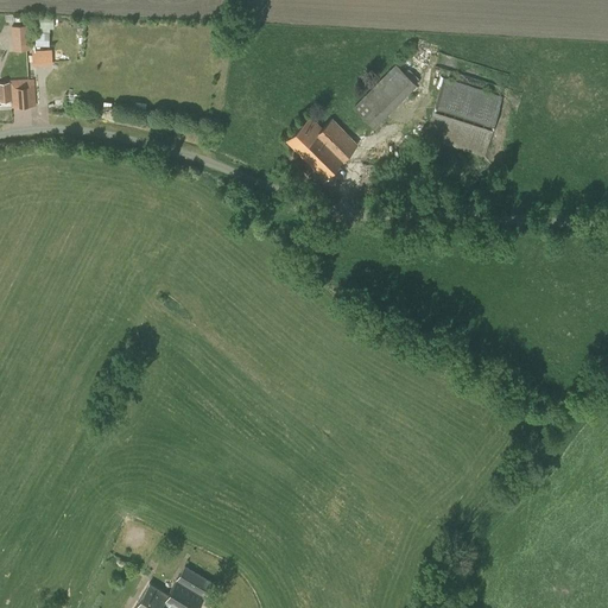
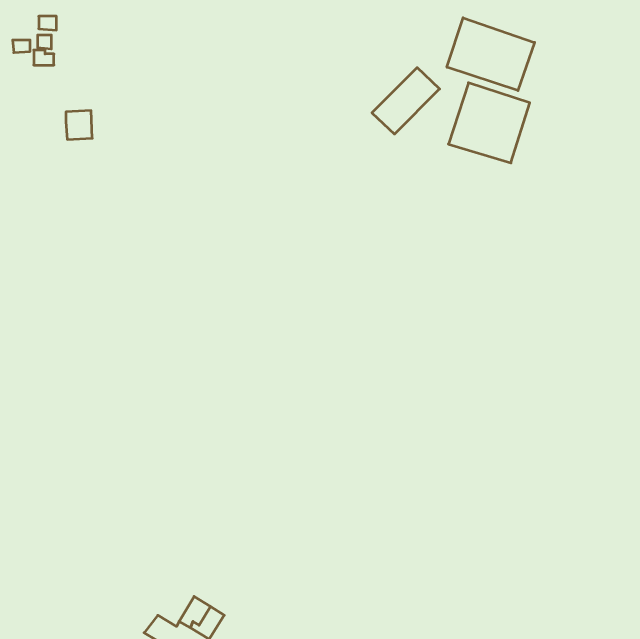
building: none -> [447,18,535,91]
building: [11,81,36,108] -> [66,111,92,139]
building: [286,116,357,179] -> none

